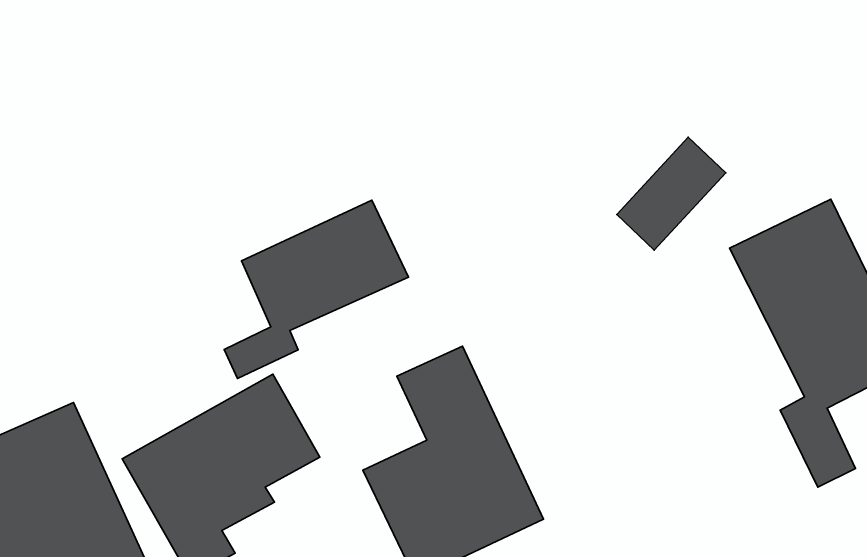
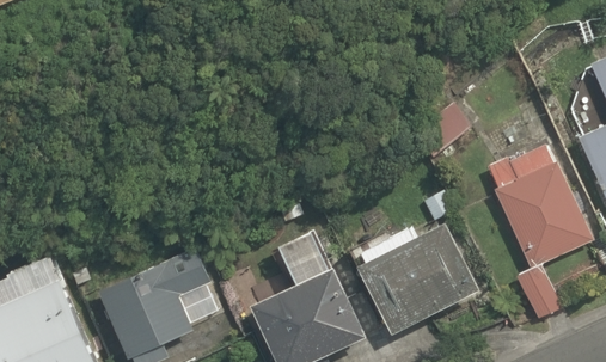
building: [224,200,408,378] -> none
building: none -> [348,220,478,340]

